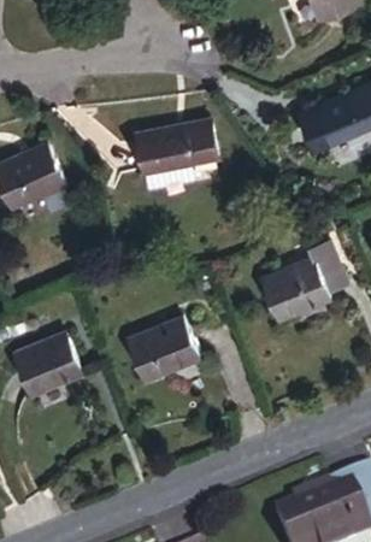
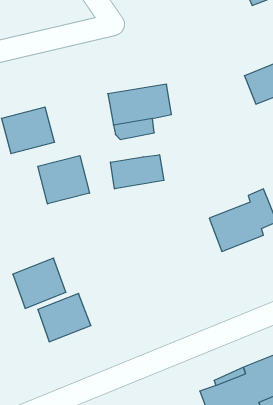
building: none -> [110,155,164,189]
building: none -> [38,156,90,204]
building: [132,320,200,382] -> [38,293,91,342]

